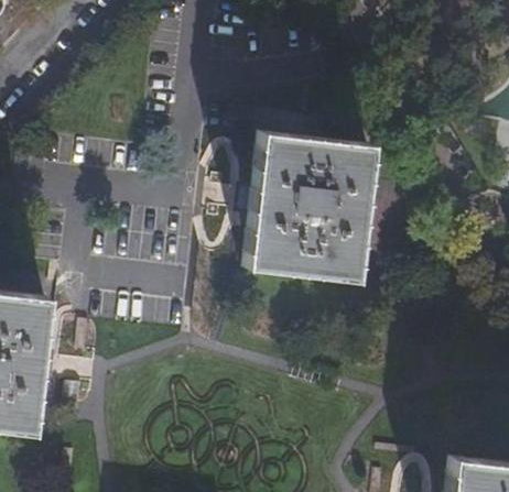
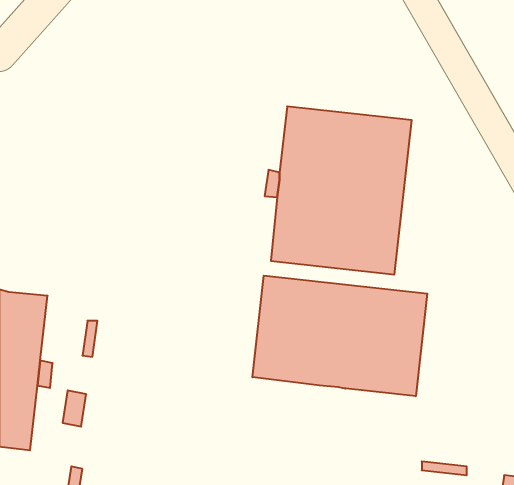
building: none -> [252,276,427,396]

